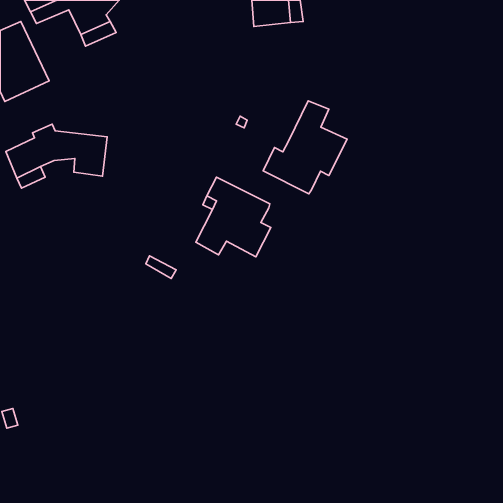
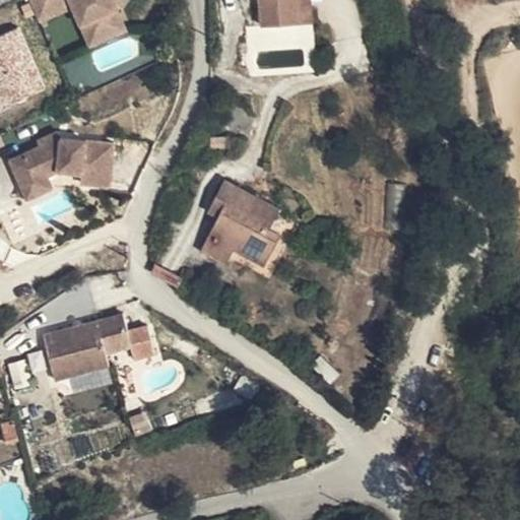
building: [263,101,347,194] -> none
building: none -> [43,314,154,381]

